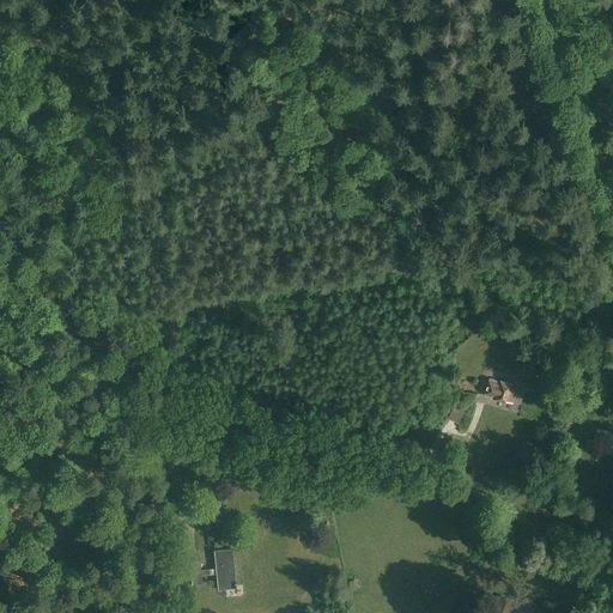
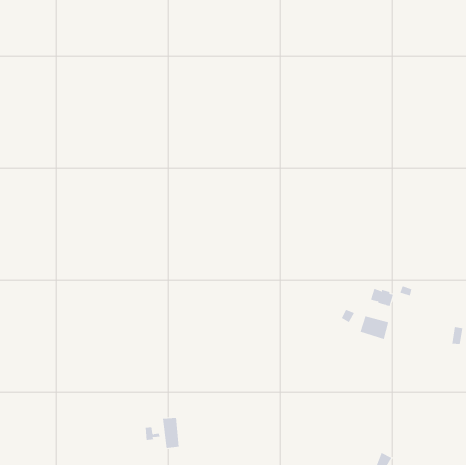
building: none -> [360,315,389,340]

